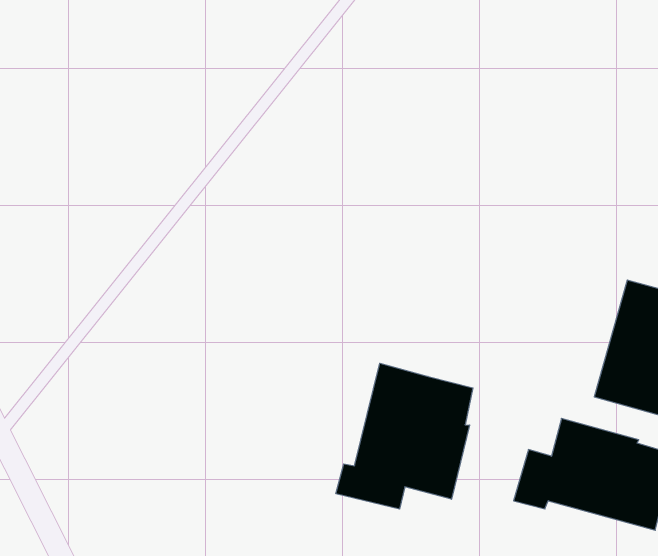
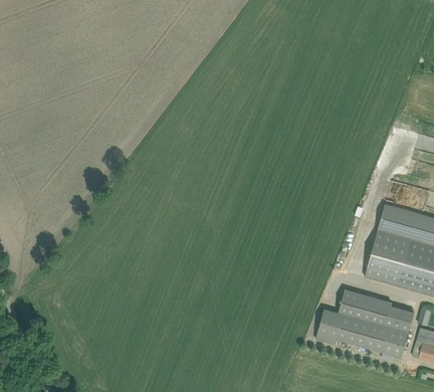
building: [336,363,473,509] -> none

